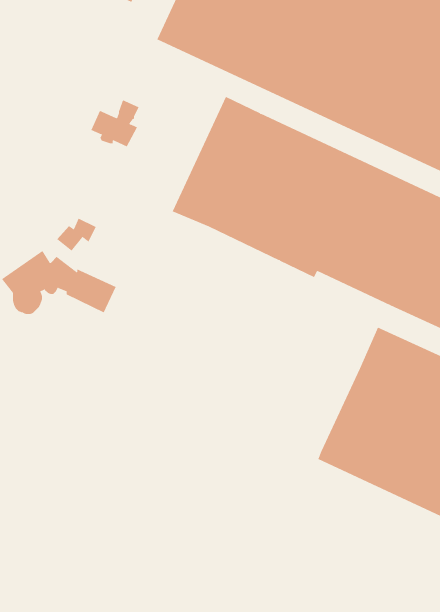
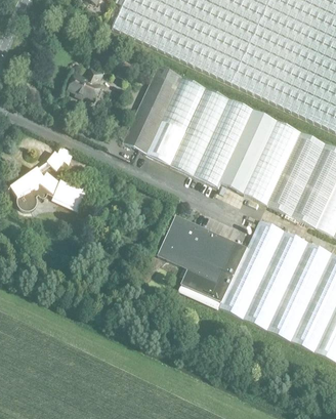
building: none -> [158,214,248,302]

